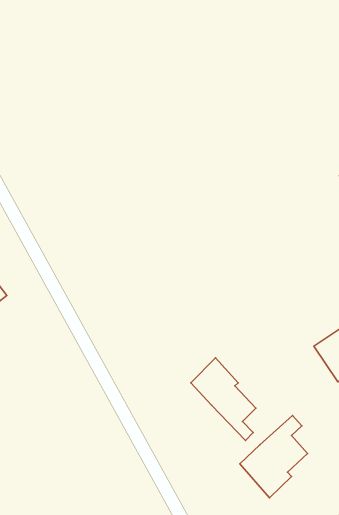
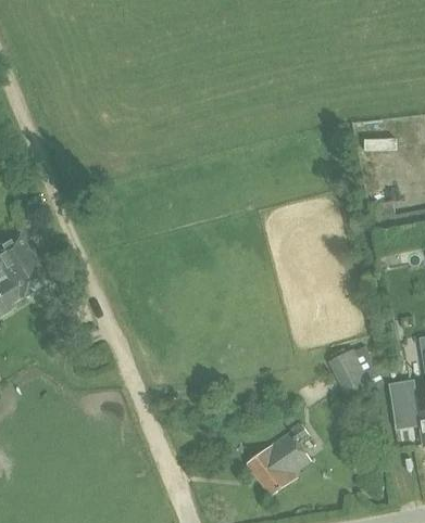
building: [191,358,256,440] -> none

